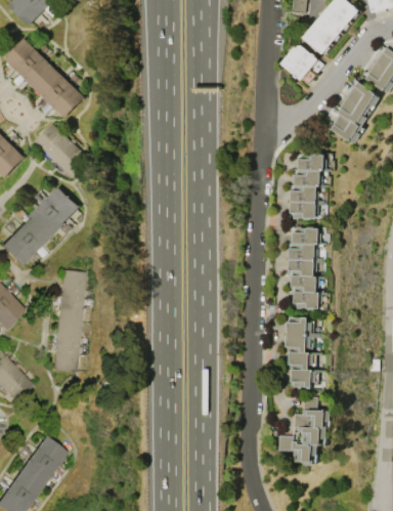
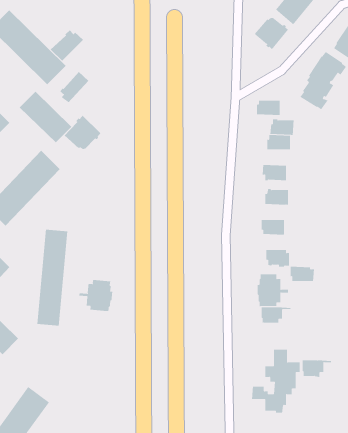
building: none -> [50,30,84,61]
building: none -> [59,71,89,103]
building: none -> [64,115,101,150]
building: [292,186,317,203] -> [256,100,280,116]
building: [290,244,316,260] -> none
building: [292,275,318,292] -> [290,266,315,282]
building: none -> [79,279,113,312]
building: [293,370,324,388] -> [302,360,332,377]

